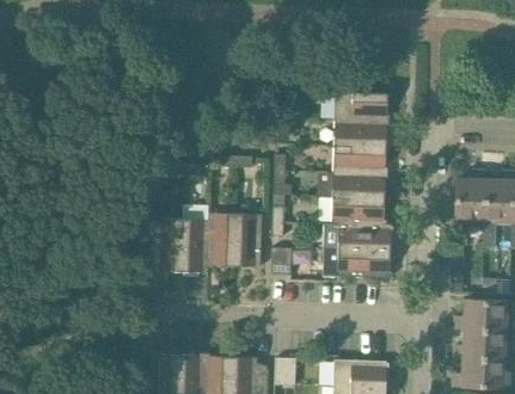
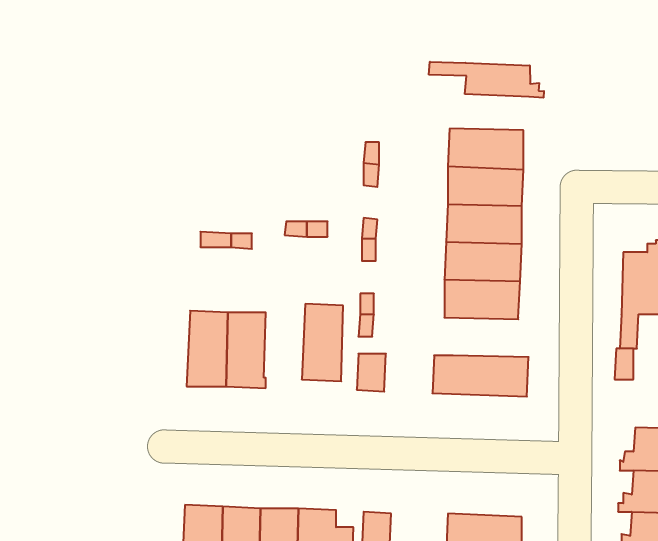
building: none -> [429,62,544,98]
building: [207,213,235,266] -> none
building: [324,223,391,251] -> none

